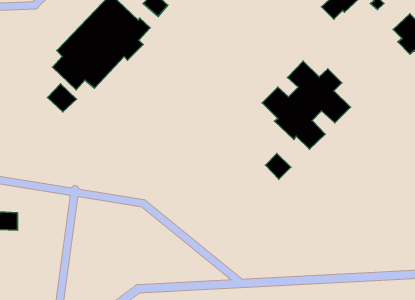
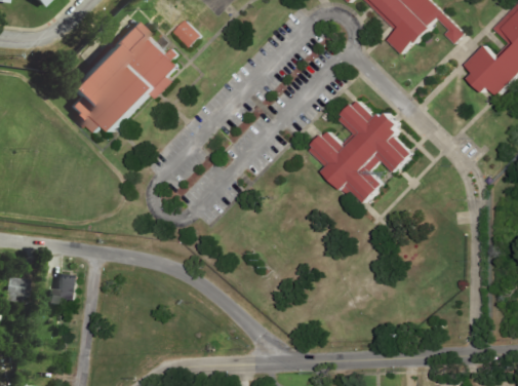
building: [48,84,76,112] -> none
building: [265,153,291,179] -> none
building: none -> [46,273,79,306]

